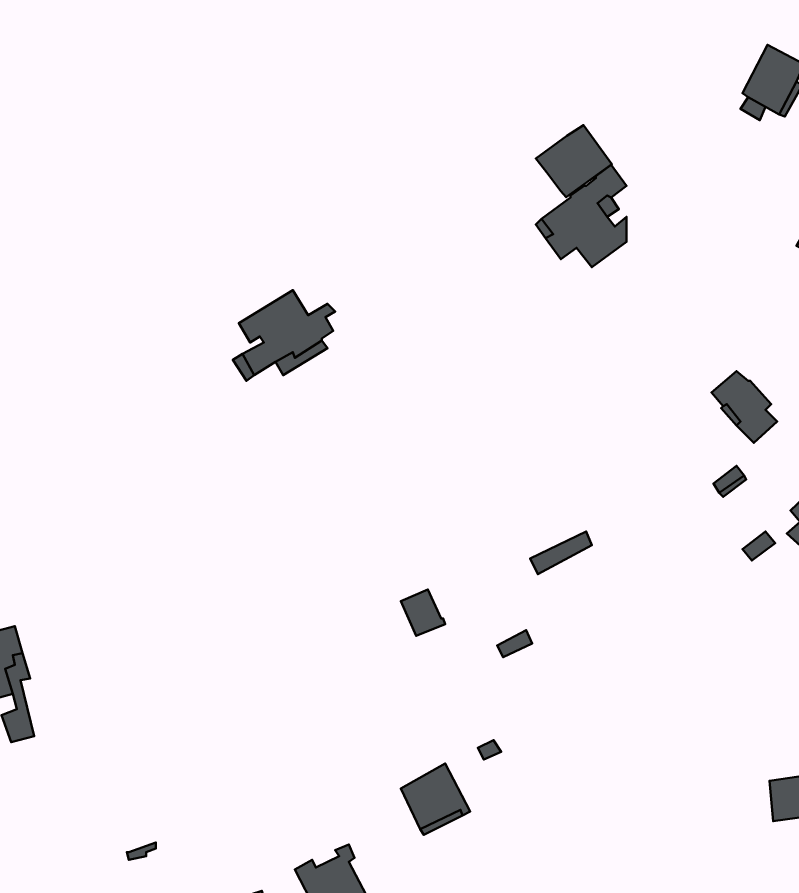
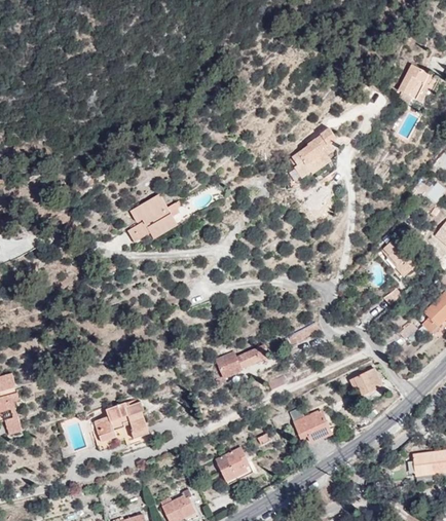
building: [536,125,612,197] -> none
building: none -> [230,345,268,369]
building: none -> [349,368,381,395]
building: none -> [92,402,148,452]
building: none -> [289,407,331,443]

